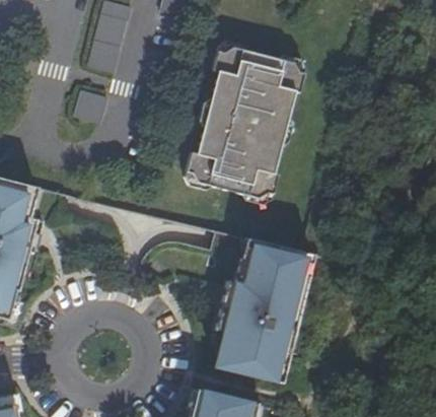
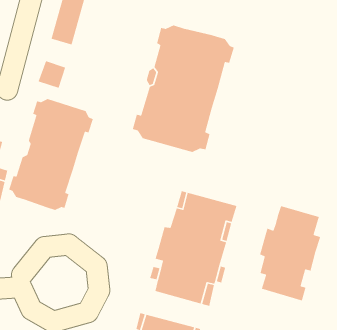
building: none -> [8,98,94,211]
building: none -> [259,205,321,301]

